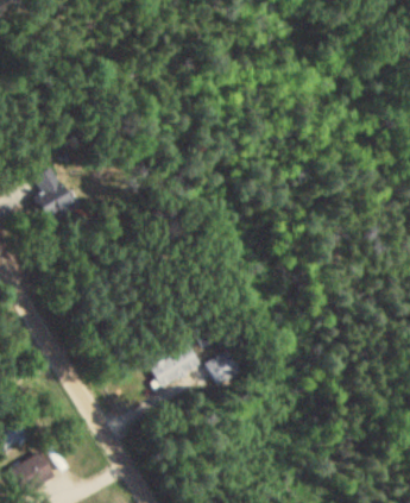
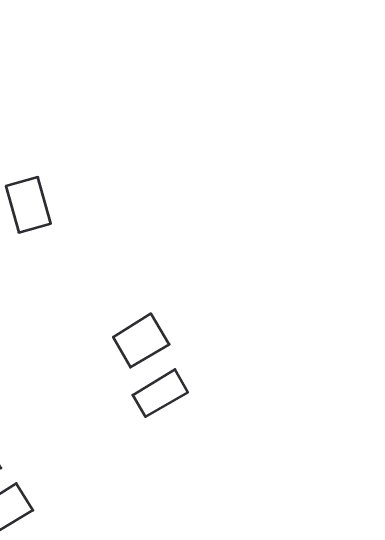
building: none -> [113,314,169,367]
building: [204,350,241,385] -> none

